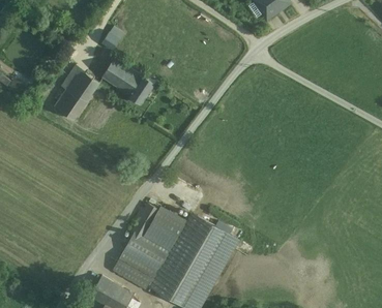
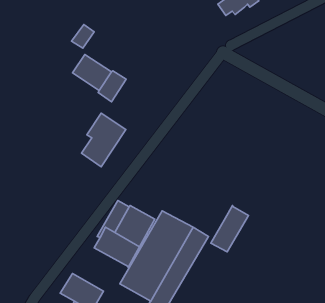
building: [55,65,99,119] -> [82,113,126,167]
building: none -> [211,205,249,252]
building: [112,251,157,289] -> none

